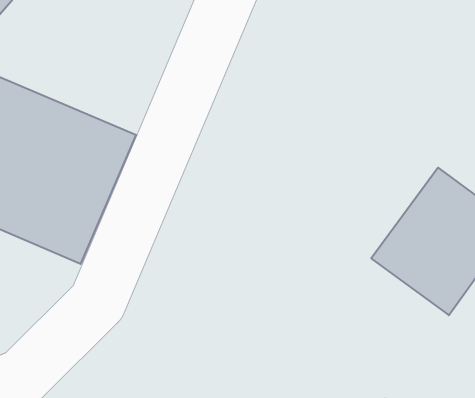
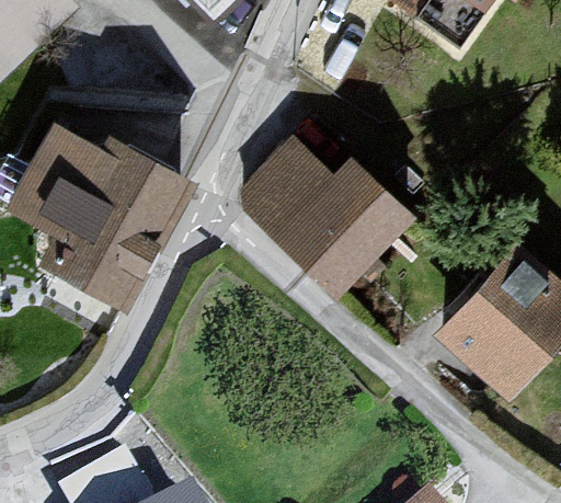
building: none -> [249,141,420,288]

